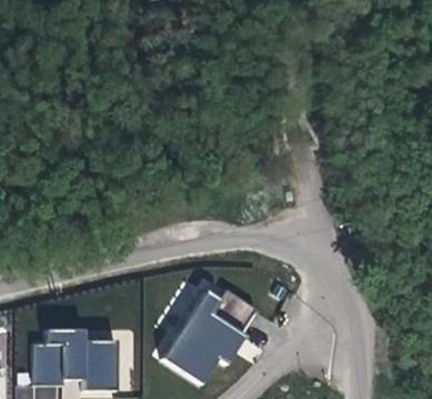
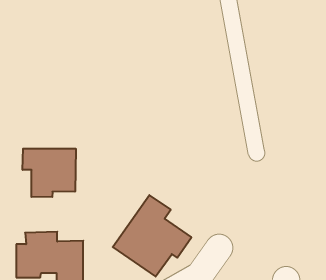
building: none -> [23,149,76,197]

